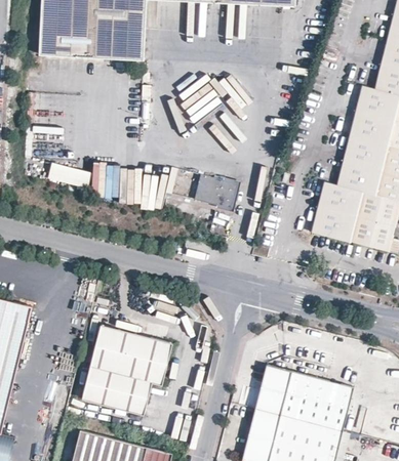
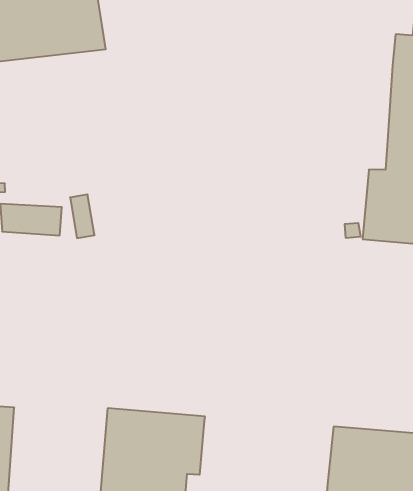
building: [193,172,235,205] -> none

